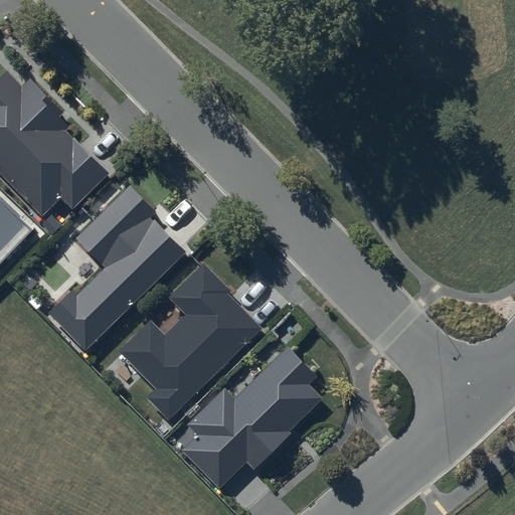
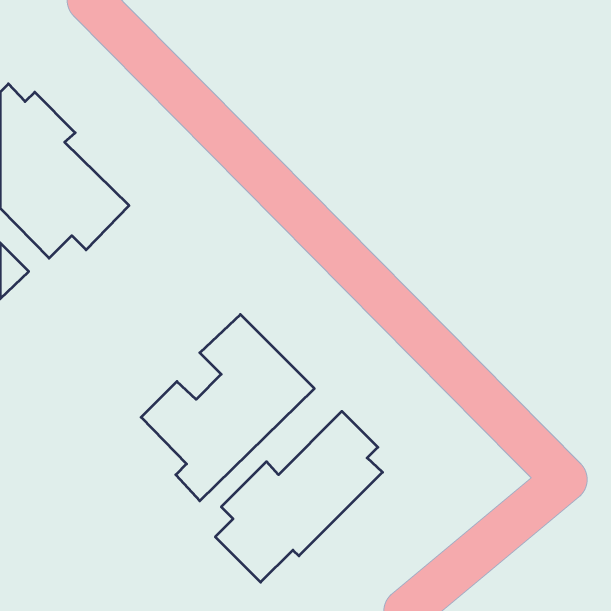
building: [49,185,185,352] -> none

